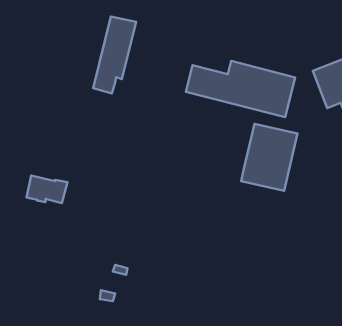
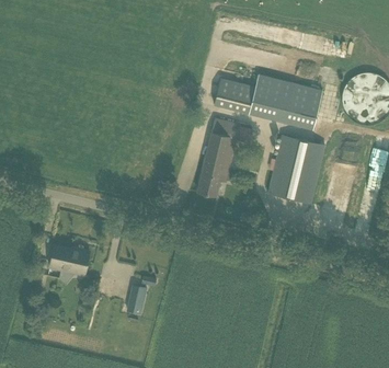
building: [93,16,136,94] -> [196,120,239,197]
building: [27,176,67,203] -> [48,245,89,273]

